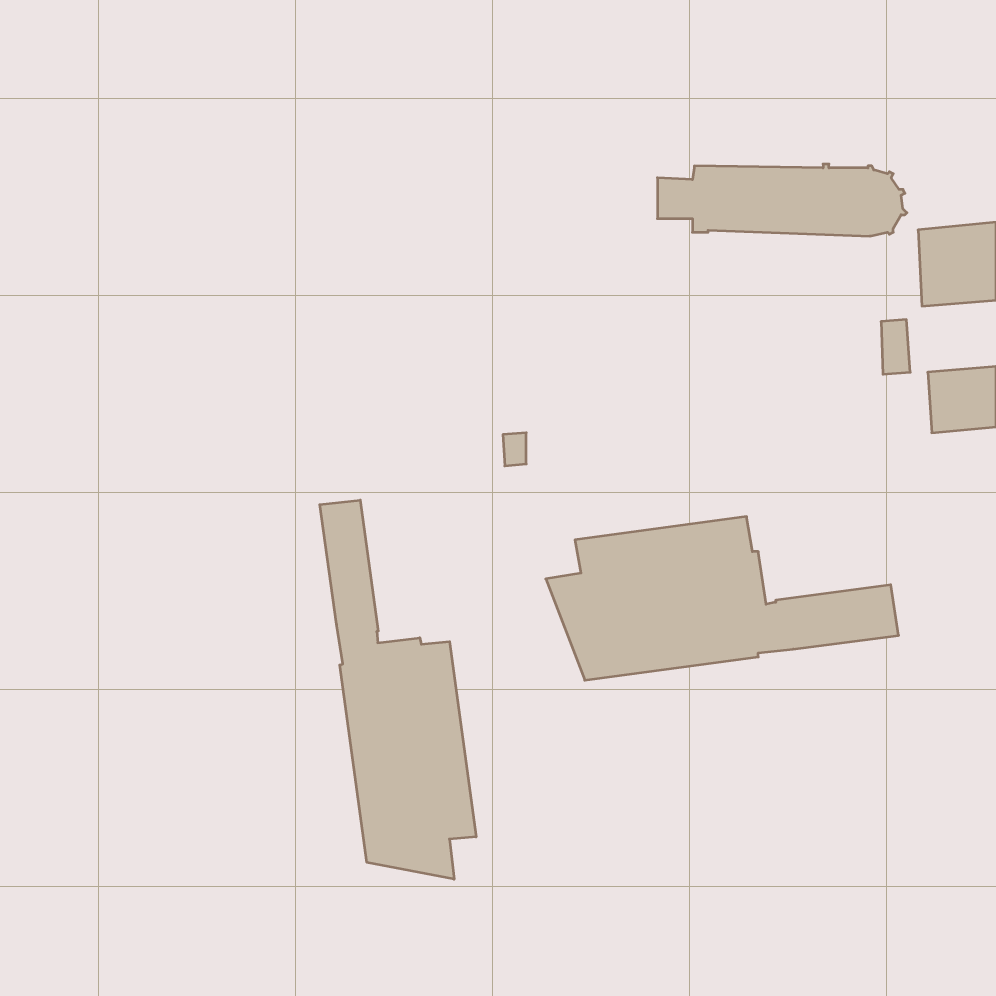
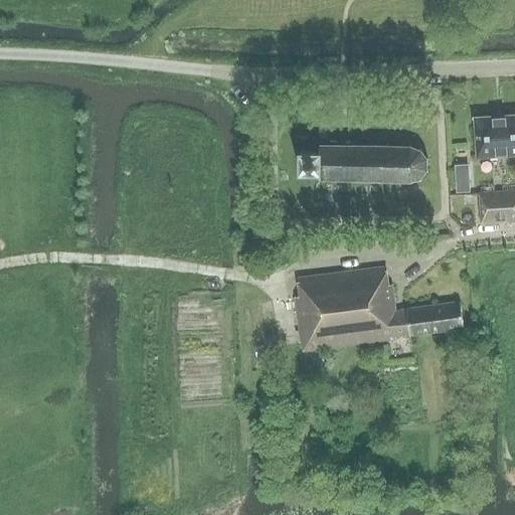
building: [657,164,907,236] -> [300,145,428,182]
building: [320,500,476,879] -> none

